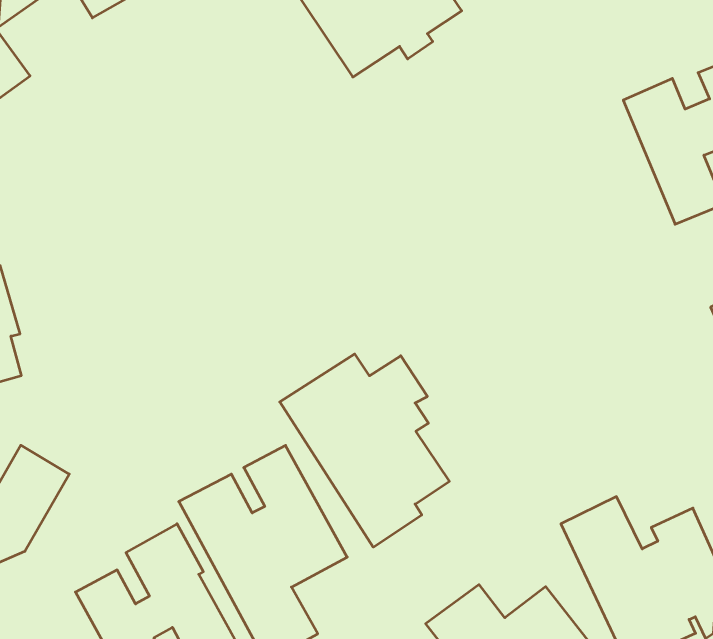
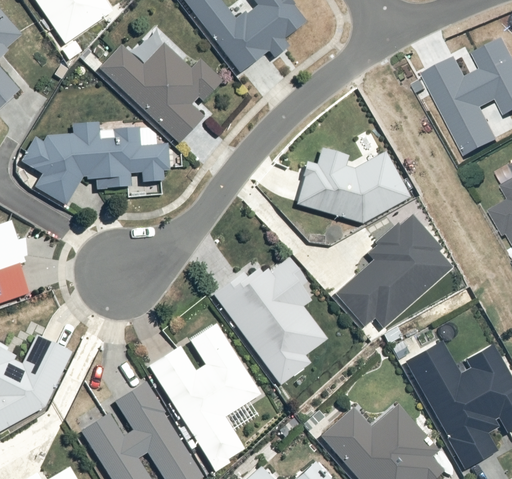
building: none -> [102,37,227,142]
building: none -> [24,120,172,202]
building: none -> [296,152,408,224]
building: none -> [332,215,452,330]

